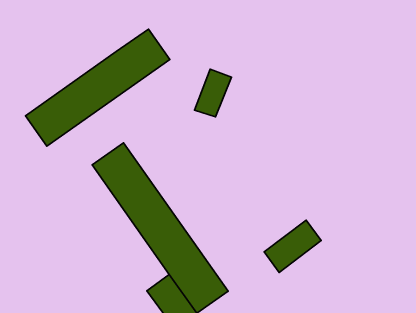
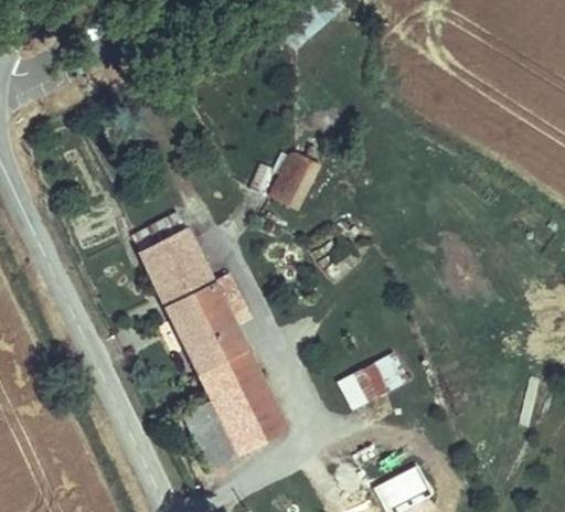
building: [26,29,170,146] -> none

